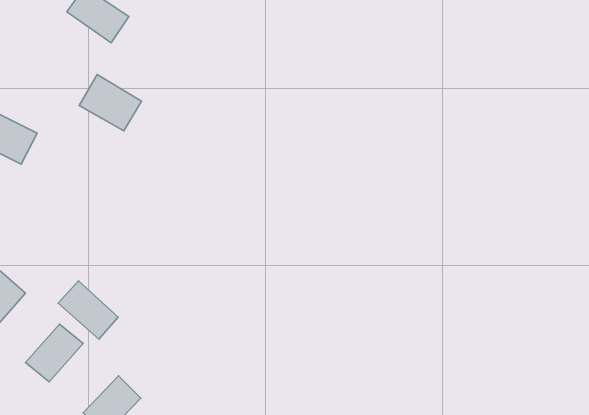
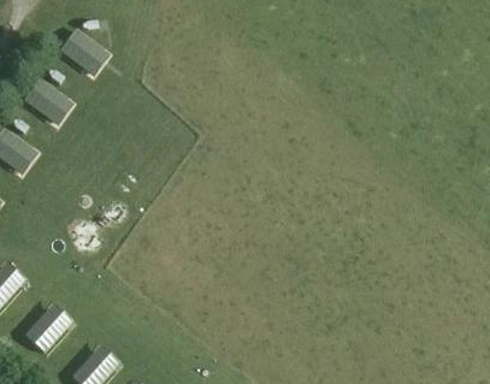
building: [79,75,141,131] -> [22,79,72,125]
building: [58,281,118,339] -> none

